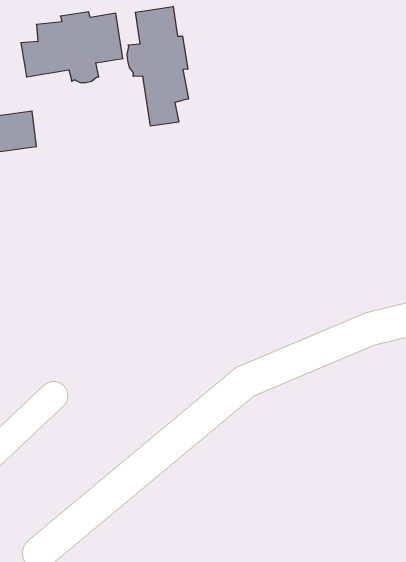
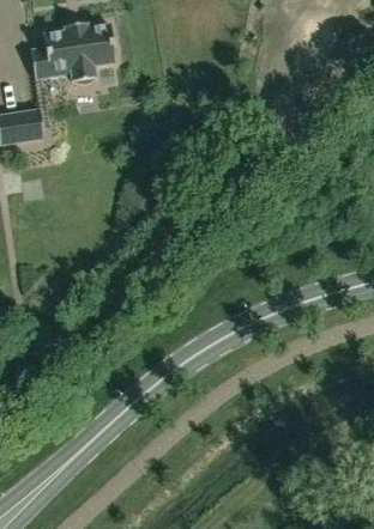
building: [127,6,188,126] -> none

